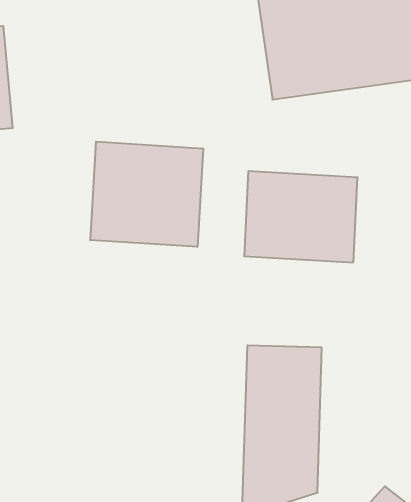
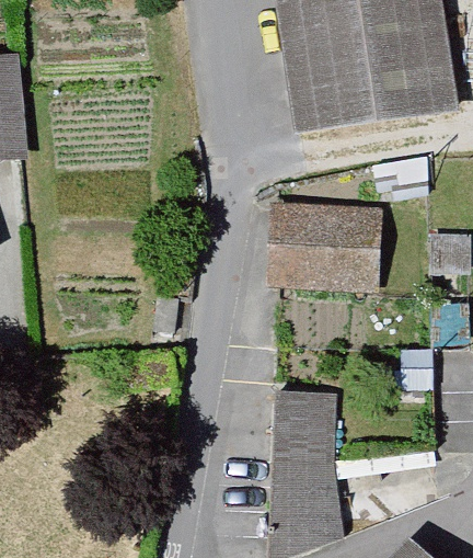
building: [90,142,203,247] -> none

